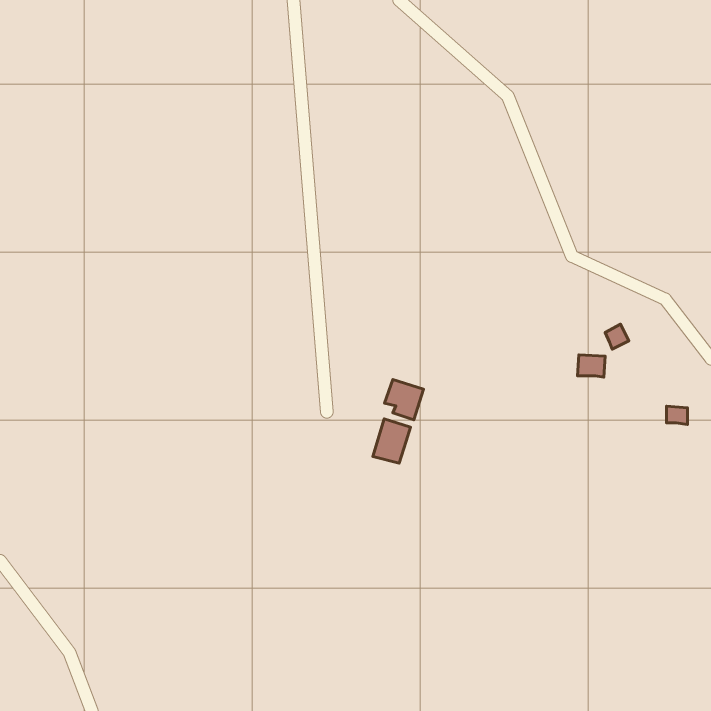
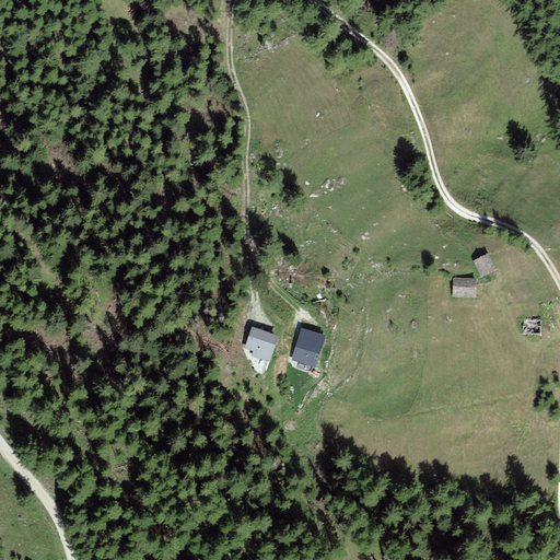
building: [385,379,424,420] -> [246,328,277,360]

